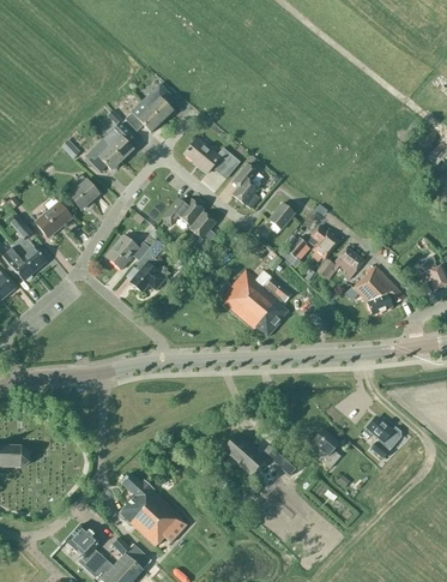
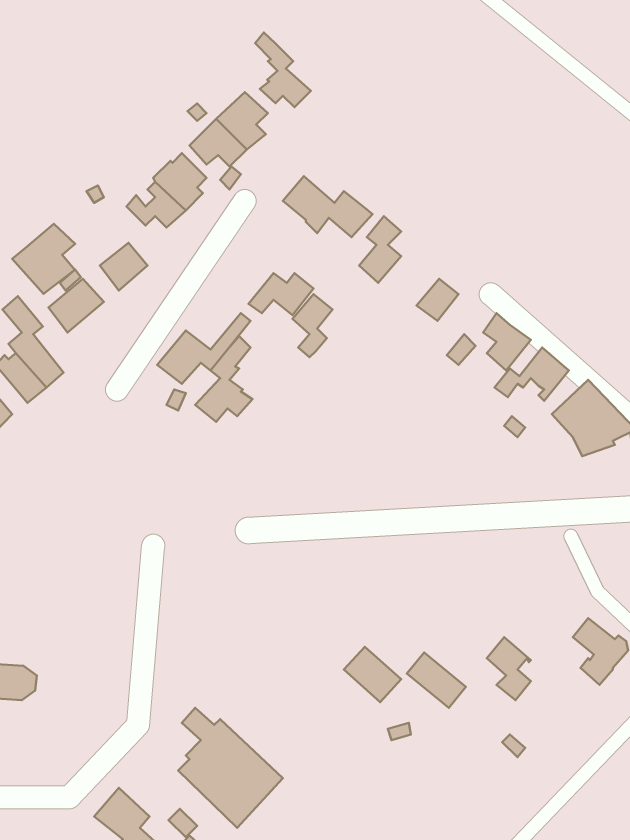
building: none -> [255,32,311,107]
building: none -> [12,224,75,294]
building: [218,270,290,337] -> none

